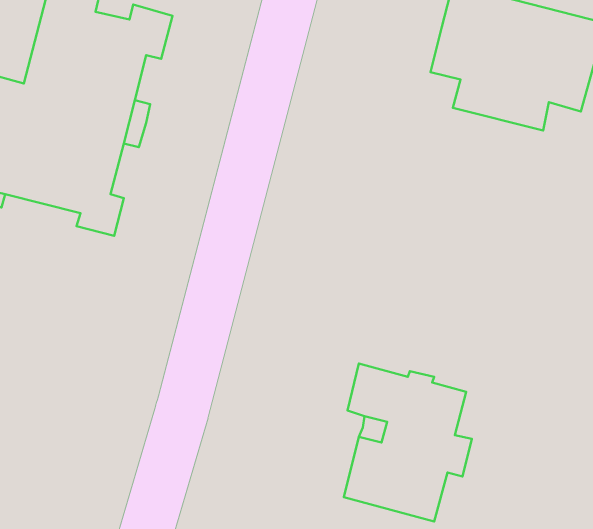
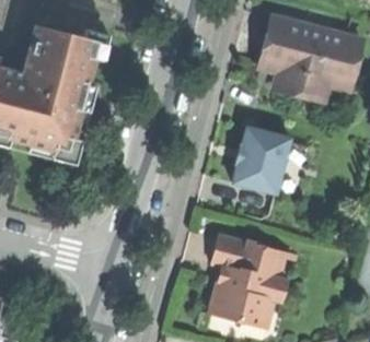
building: none -> [232,125,290,191]

